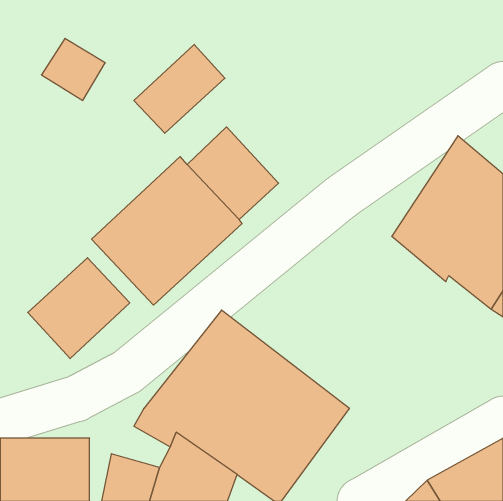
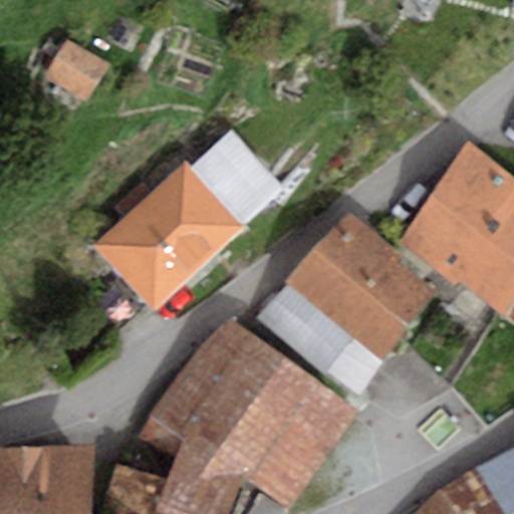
building: [134,44,225,133] -> none
building: none -> [260,212,435,397]
building: [28,258,130,359] -> none

